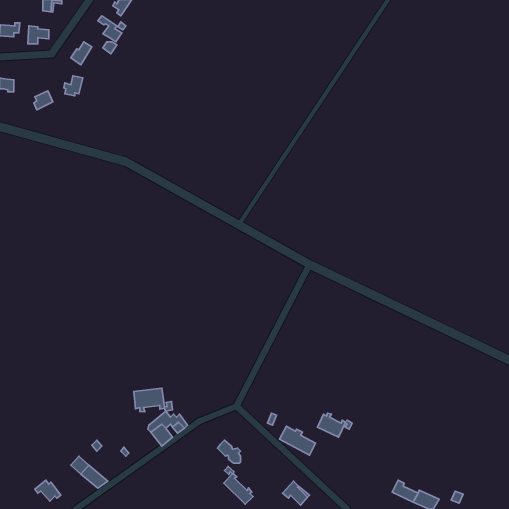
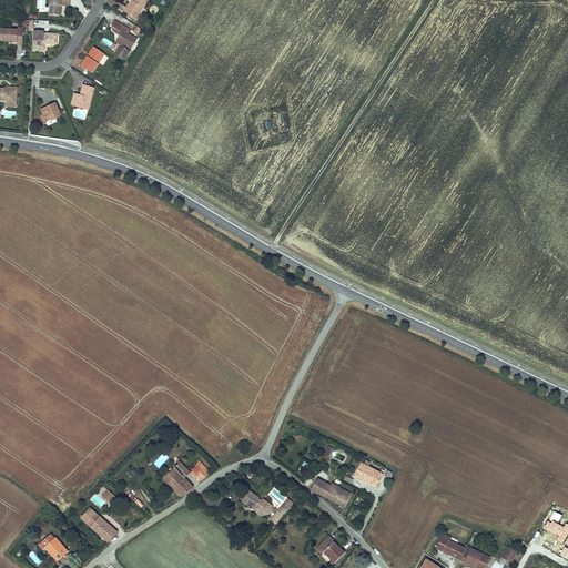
building: [134,388,173,412] -> none
building: [224,466,253,504] -> none

